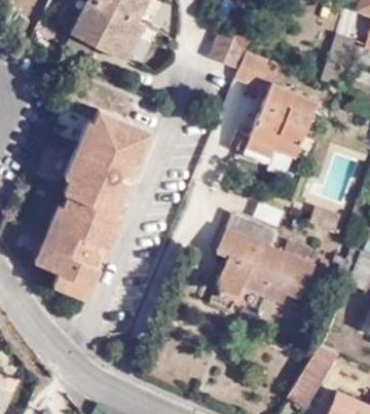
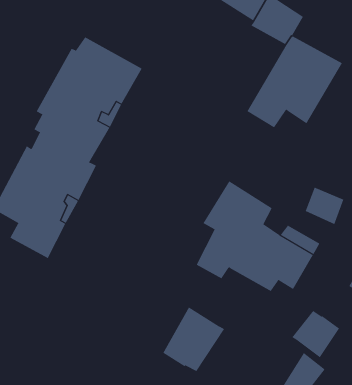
building: none -> [291,310,340,358]
building: none -> [163,307,225,372]

